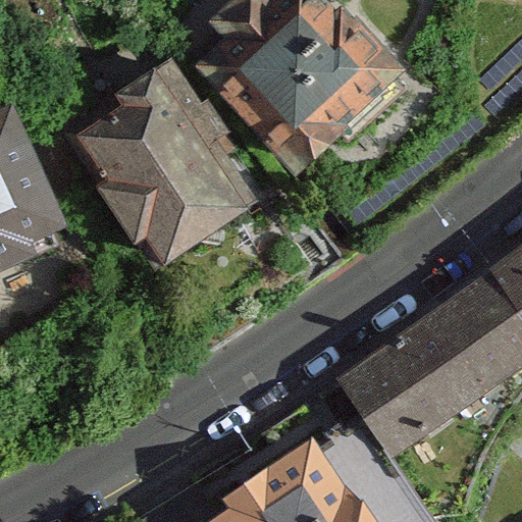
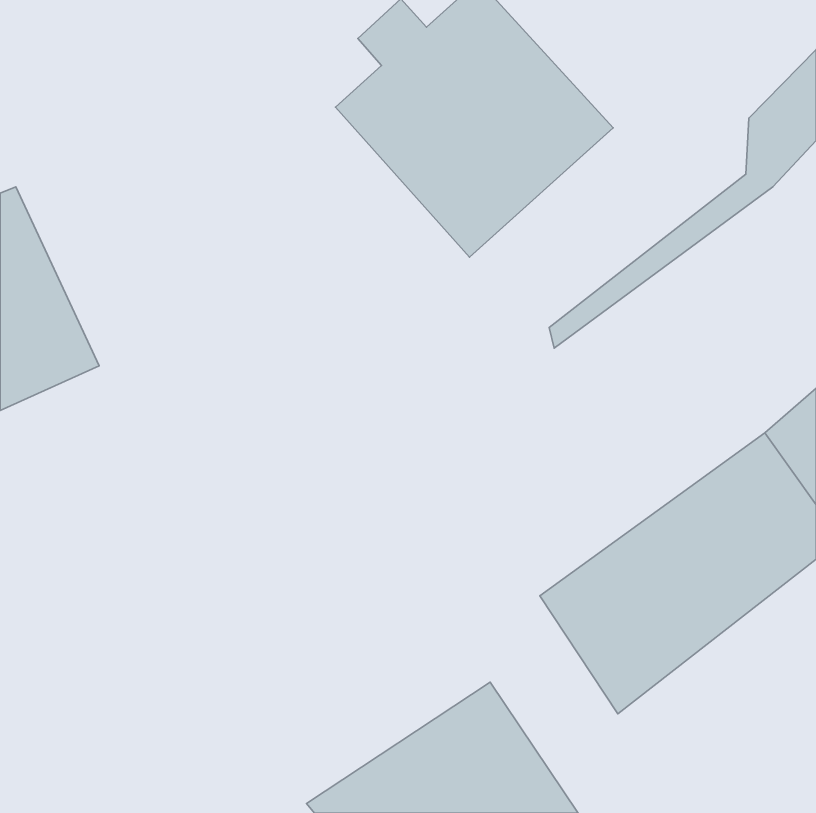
building: [76,72,260,266] -> none

